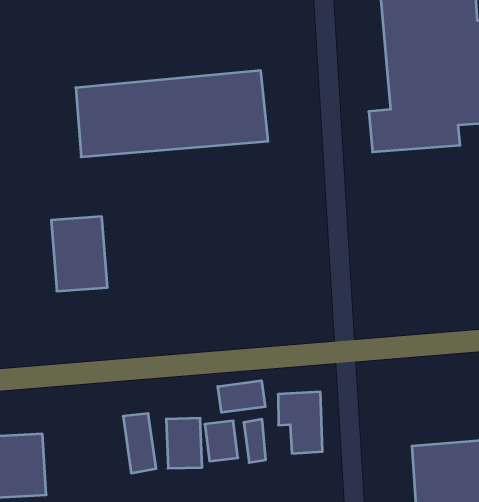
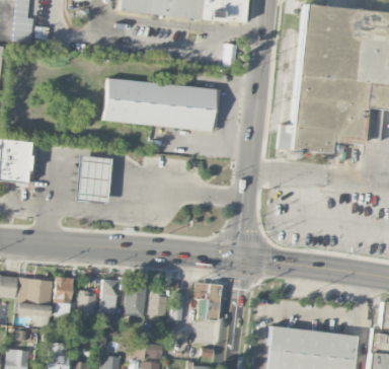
building: [218,381,265,412] -> none
building: none -> [53,277,72,304]
building: none -> [77,291,95,316]

